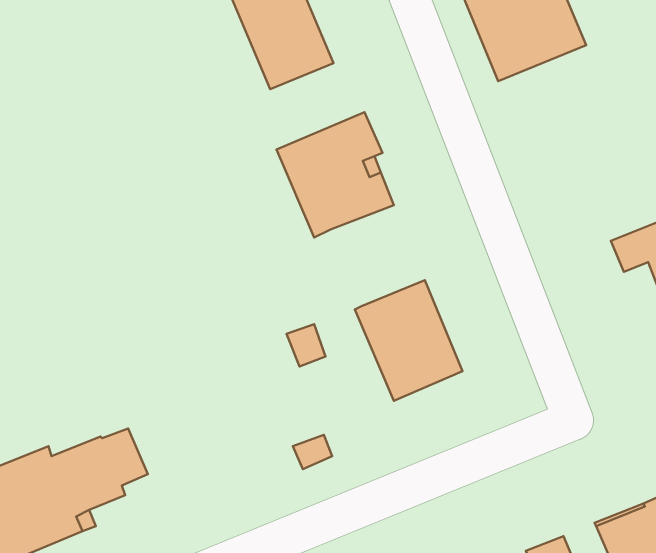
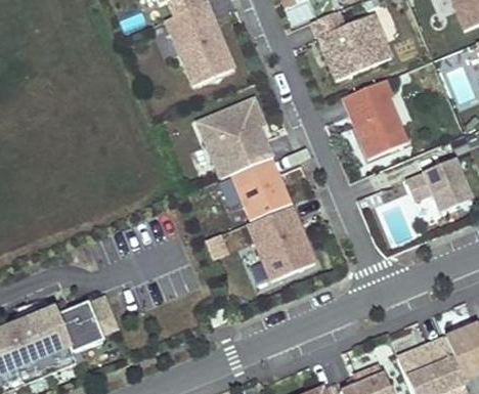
building: none -> [343,78,406,156]
building: none -> [231,156,291,219]

